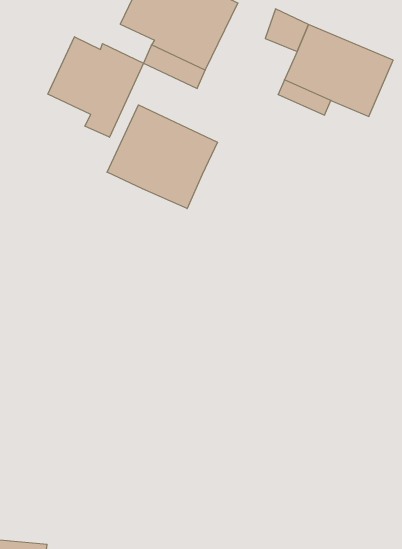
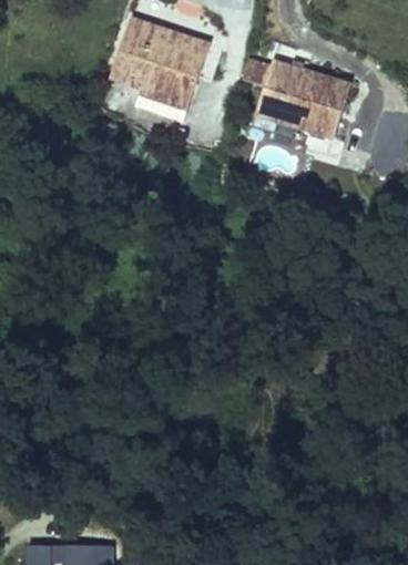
building: [48,37,143,137] -> none
building: [107,105,217,209] -> none

